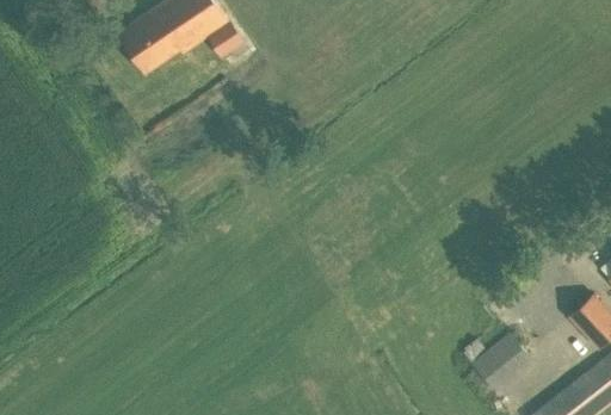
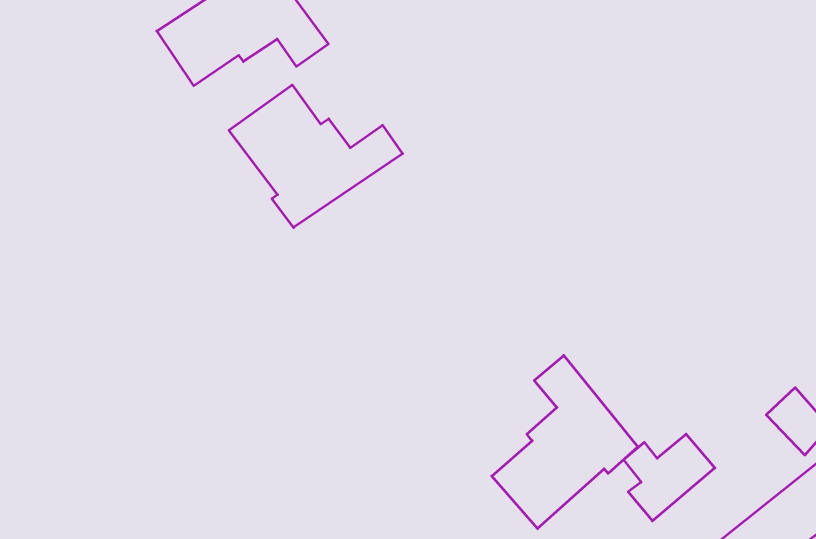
building: none -> [229,85,403,228]
building: none -> [492,355,638,529]

